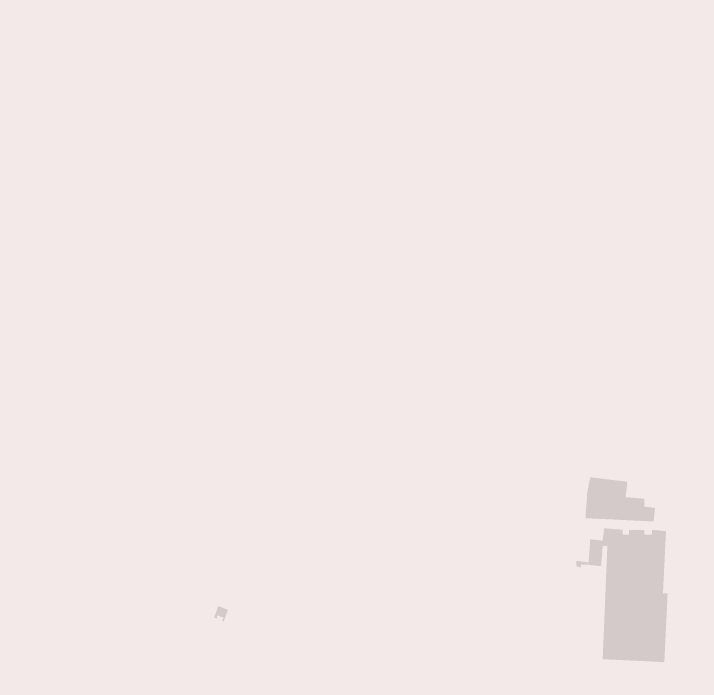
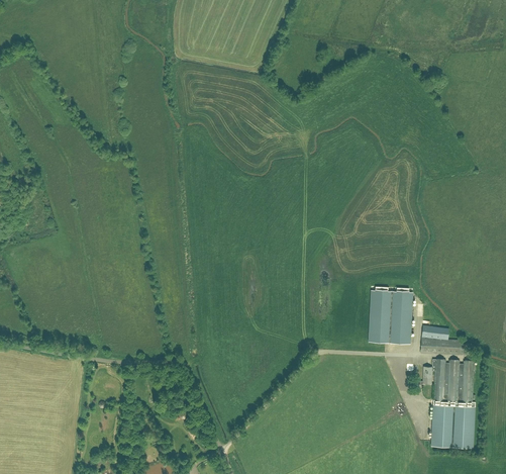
building: none -> [369,287,412,344]

